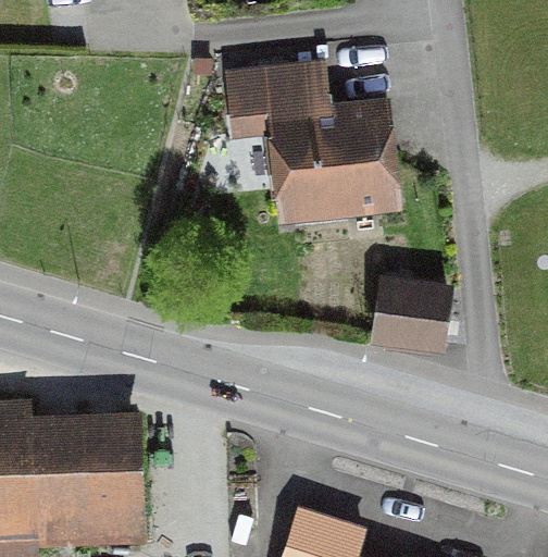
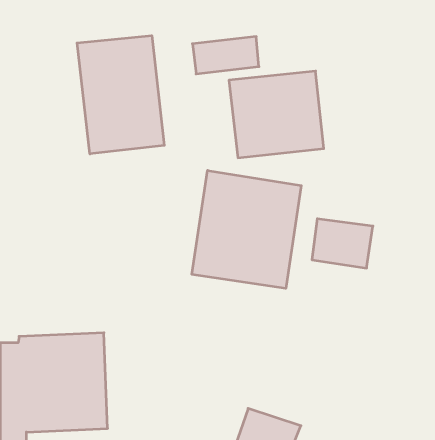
building: none -> [77,36,164,154]
building: none -> [192,170,301,288]

